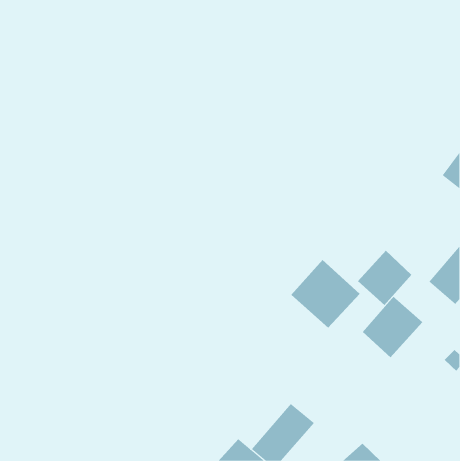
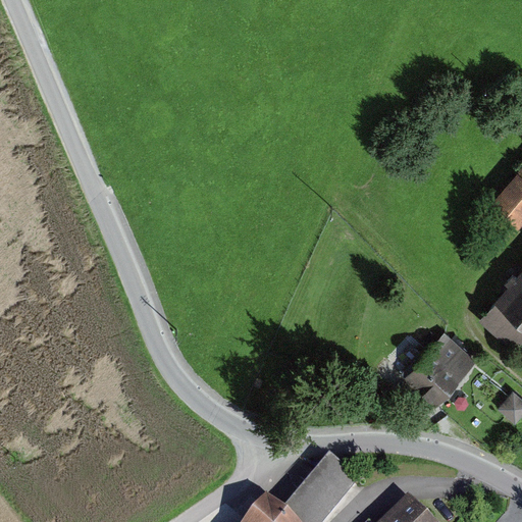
building: [357,250,412,306] -> none
building: [290,259,360,329] -> none

